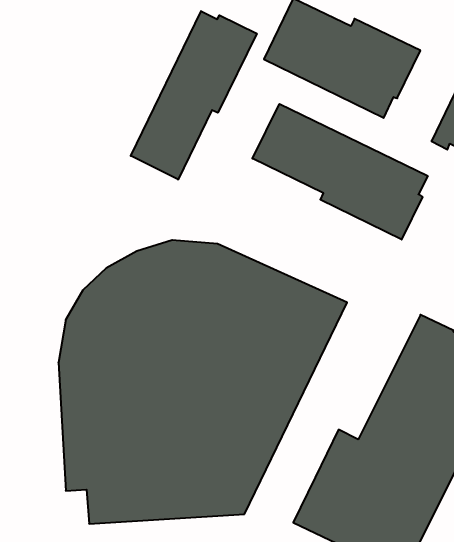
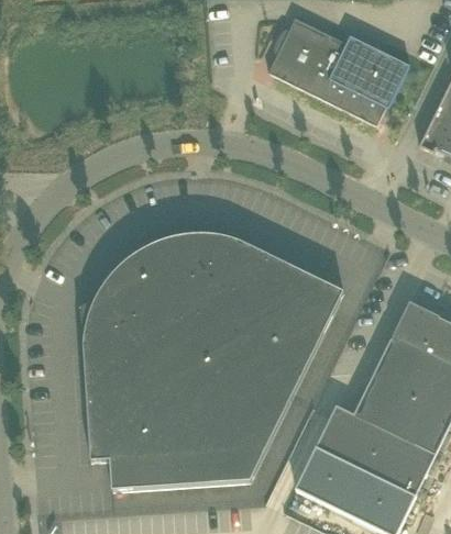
building: [131,11,257,180] -> none
building: [252,104,428,240] -> none

